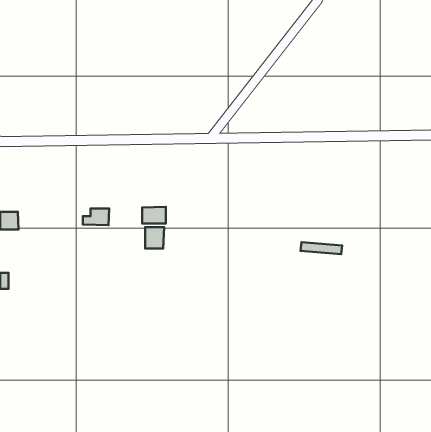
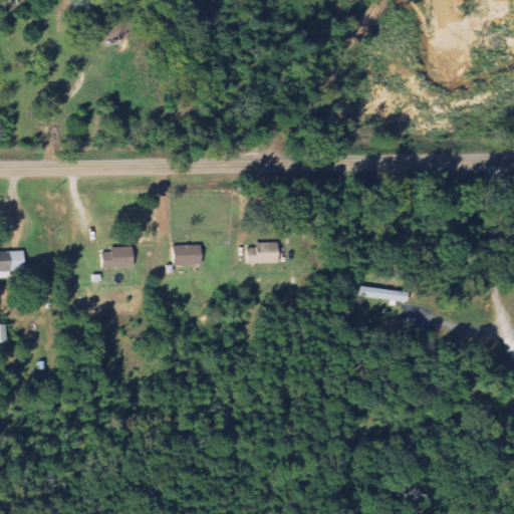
building: none -> [245,241,277,263]
building: [145,227,164,248] -> none

